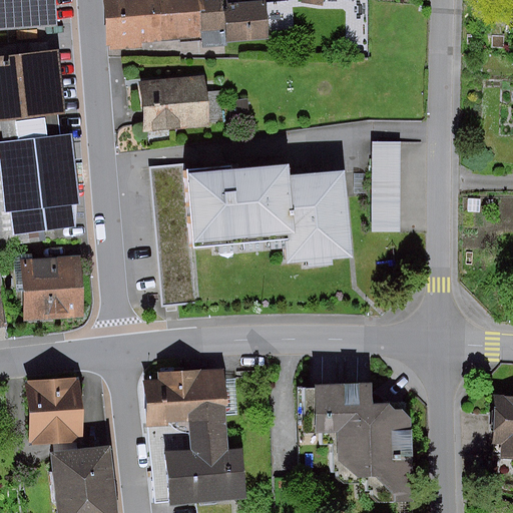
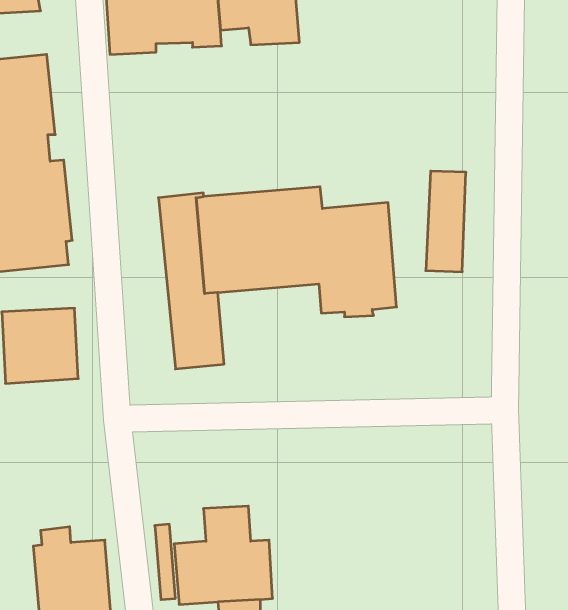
building: [134,81,203,127] -> none
building: [144,369,230,424] -> none
building: [25,376,84,443] -> none
building: [306,386,411,478] -> none

